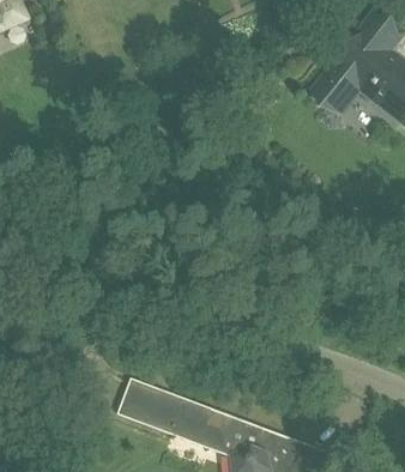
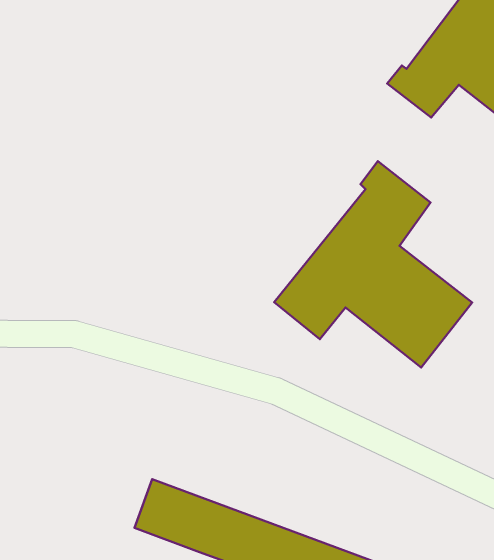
building: none -> [274,161,472,368]

